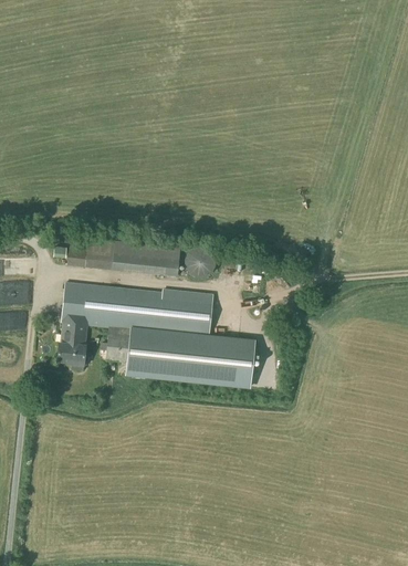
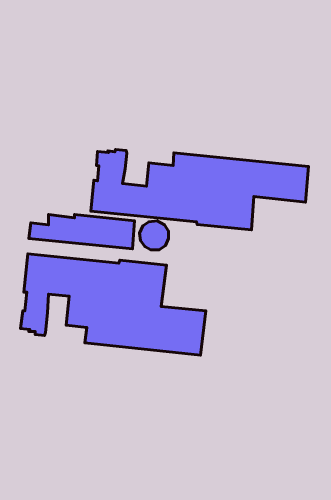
building: none -> [91,149,309,230]

